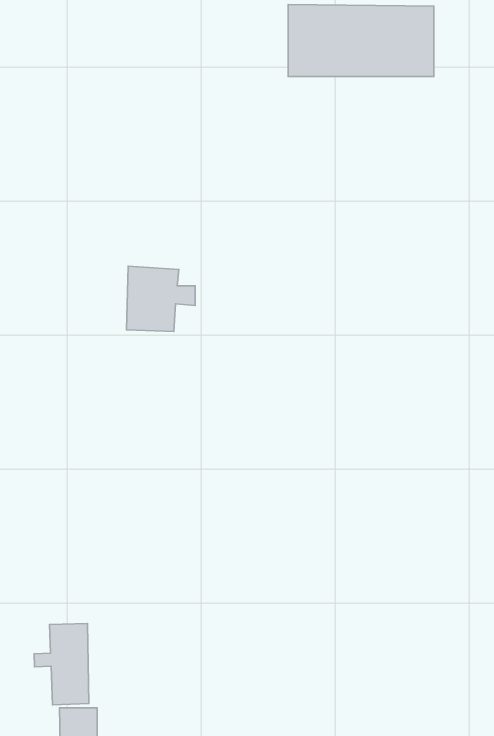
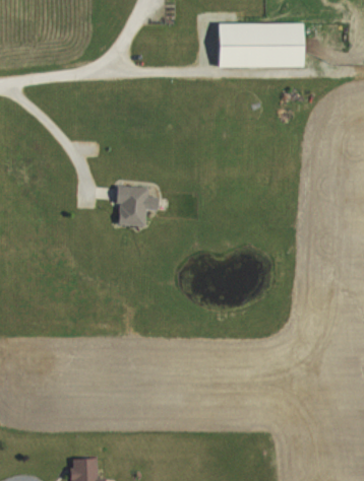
building: [34,623,89,705] -> none

